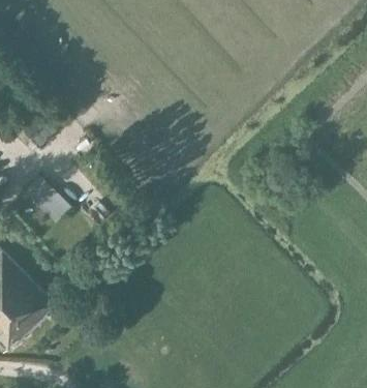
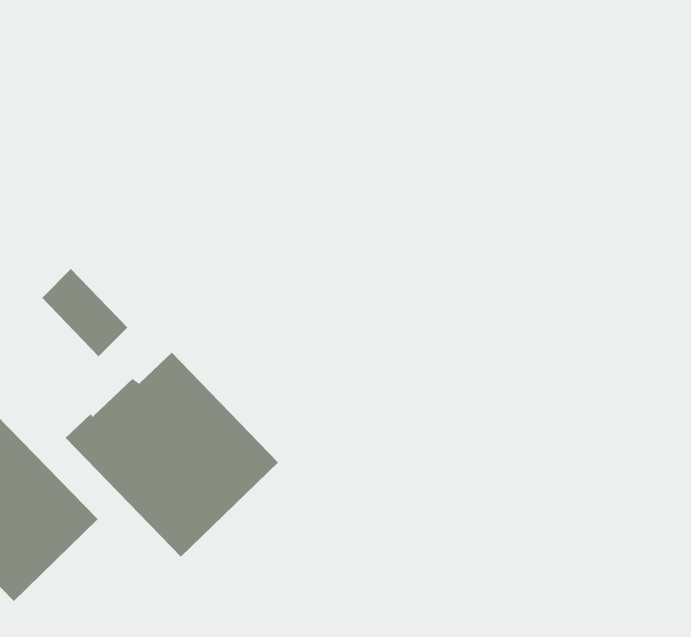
building: none -> [65,352,279,558]

